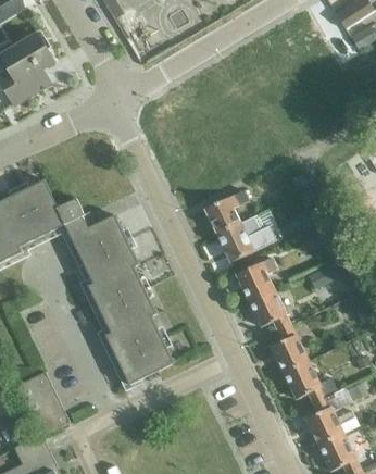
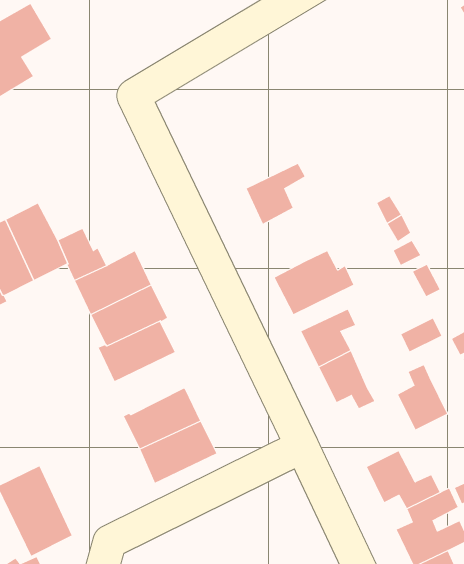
building: [203,190,247,235] -> [246,163,306,224]
building: [99,289,155,335] -> none
building: [270,325,306,373] -> [397,365,448,430]

